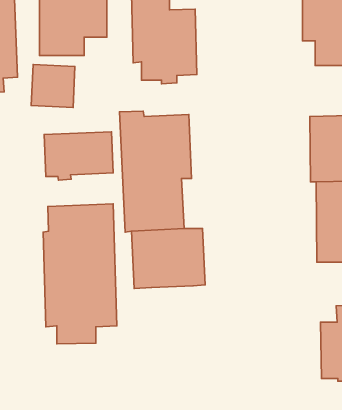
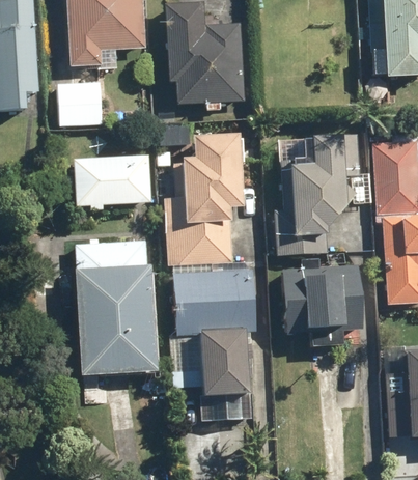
building: none -> [271,131,354,259]
building: none -> [295,259,369,338]
building: none -> [173,331,248,400]

